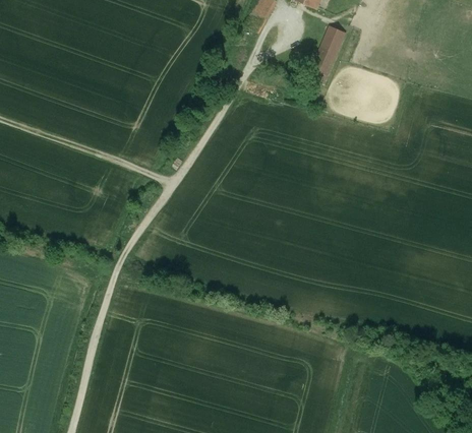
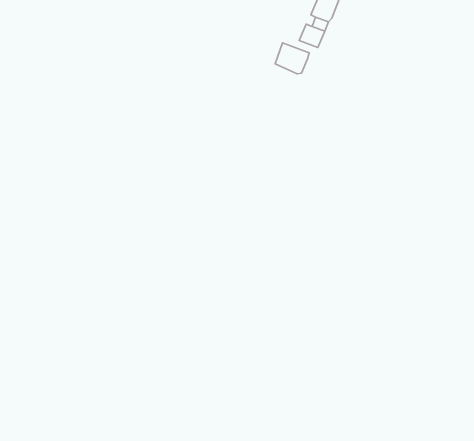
building: none -> [275,43,309,74]

